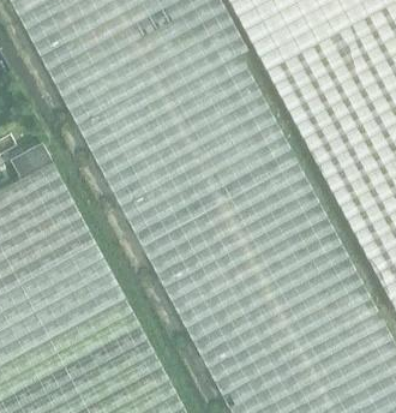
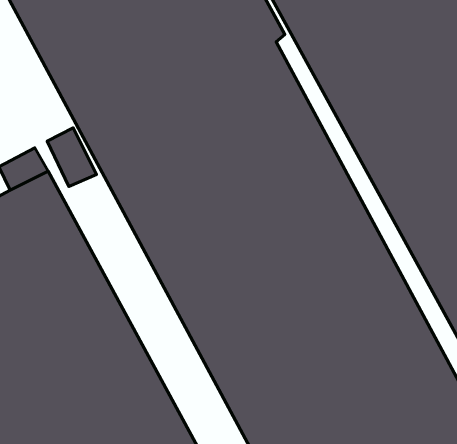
building: none -> [47,128,96,186]

